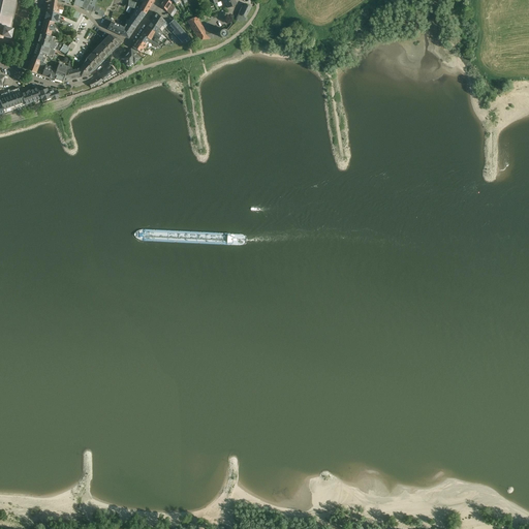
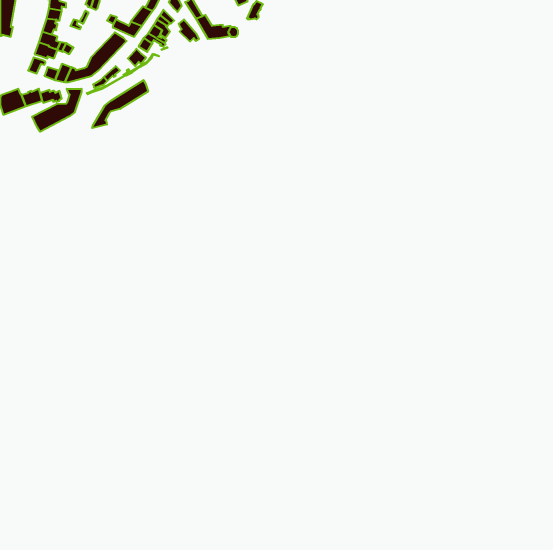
building: none -> [92,80,148,128]
building: none -> [32,89,82,132]

